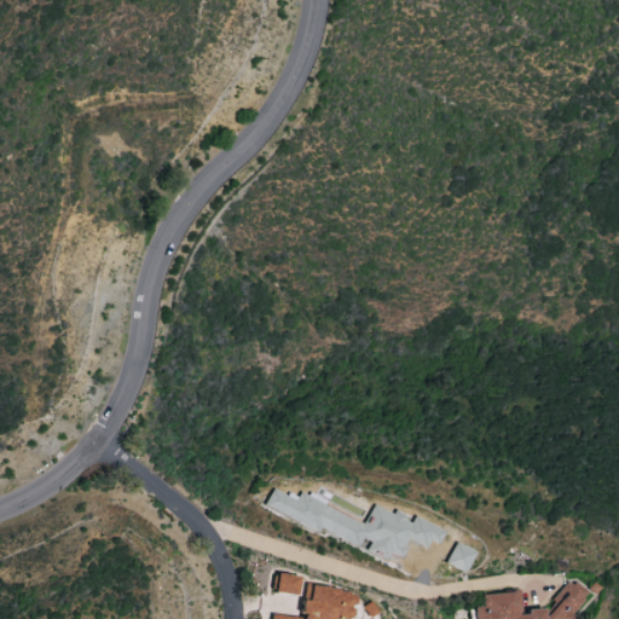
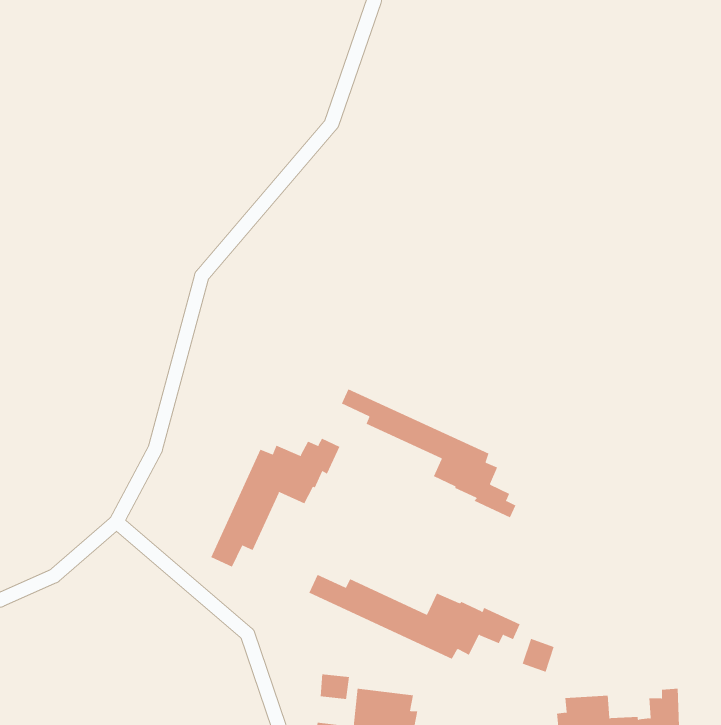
building: none -> [341,389,516,518]
building: none -> [211,438,340,567]

